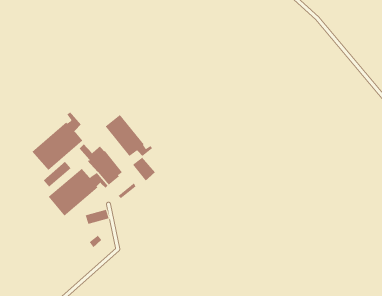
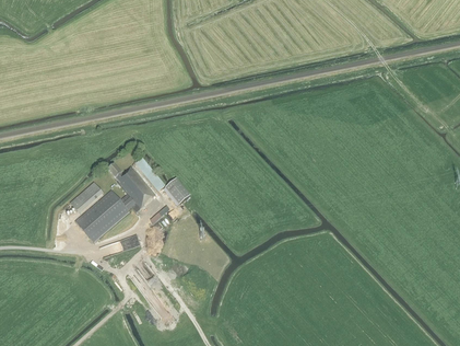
building: [32,112,83,171] -> none
building: [105,114,153,157] -> none

